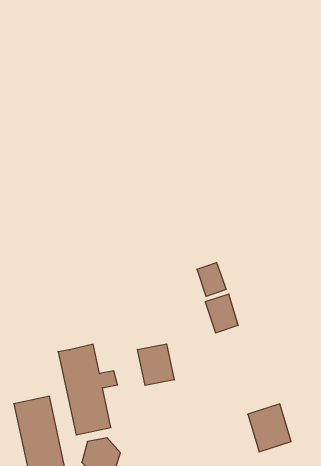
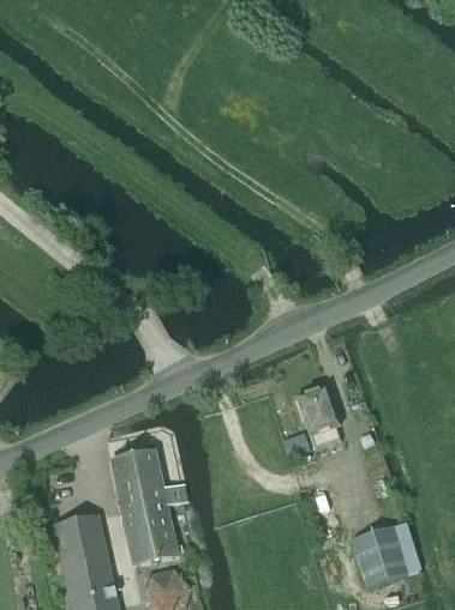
building: [197,262,226,296] -> none
building: [137,344,174,385] -> none

